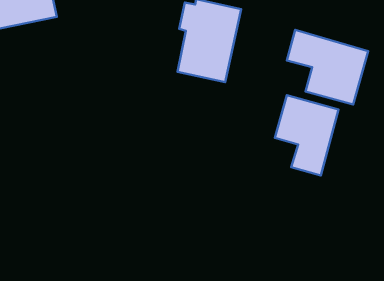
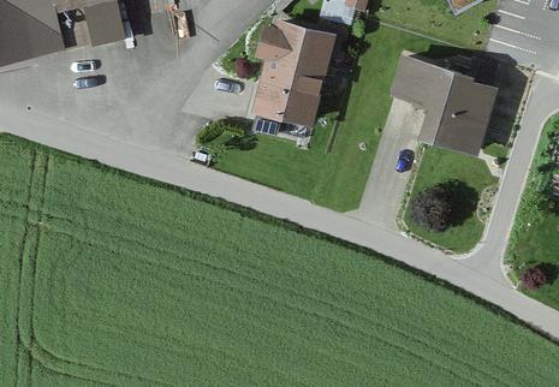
building: [275,95,338,176] -> none

